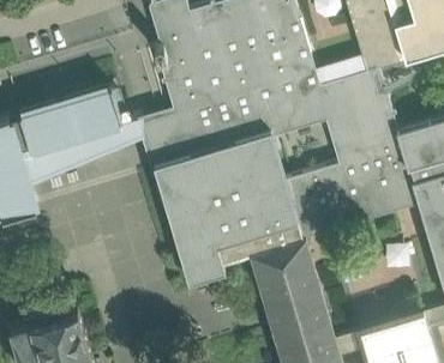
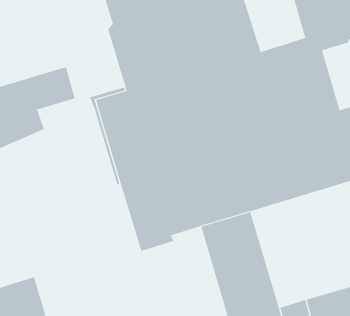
building: [82,121,140,157] -> none

